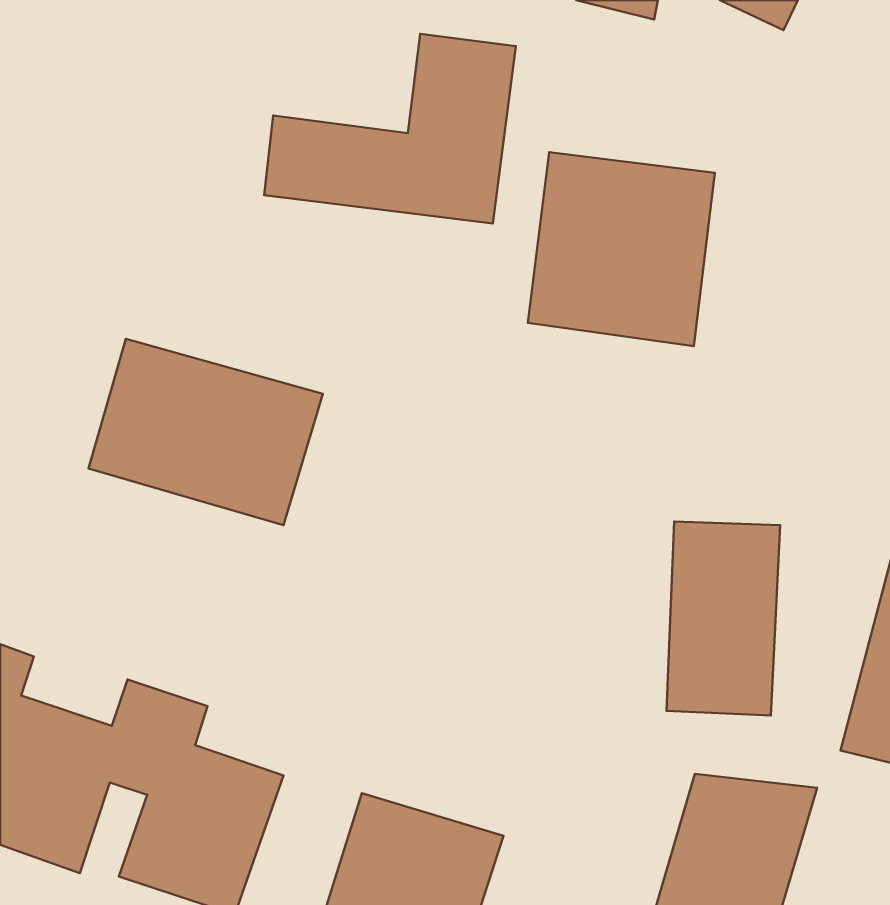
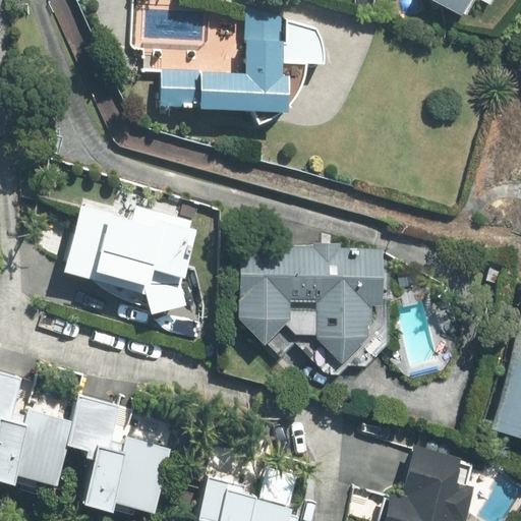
building: [528,152,715,346] -> none
building: none -> [240,246,394,367]
building: [667,522,780,715] -> none

